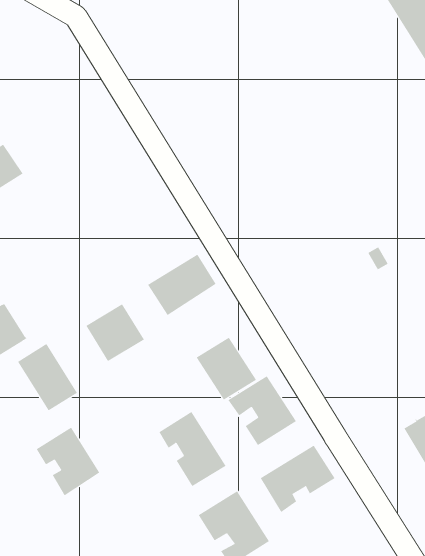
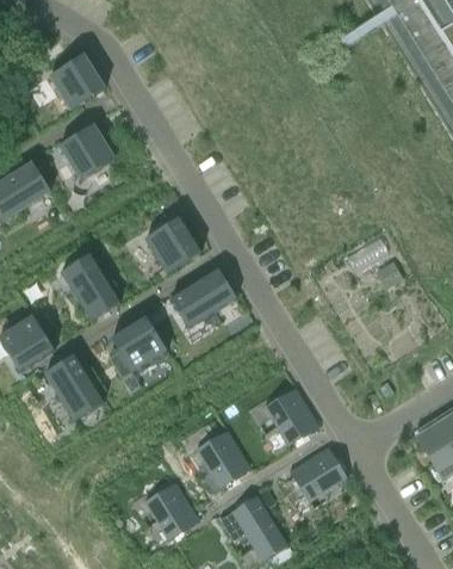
building: none -> [50,55,105,110]
building: none -> [60,124,116,178]
building: none -> [145,217,201,273]
building: none -> [62,254,120,320]
building: [196,337,257,401] -> none
building: [36,427,100,496] -> [132,480,194,546]

